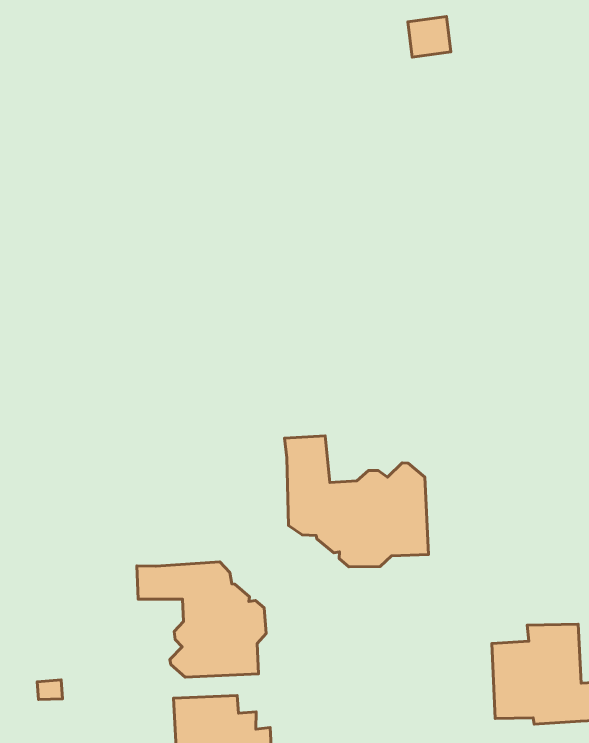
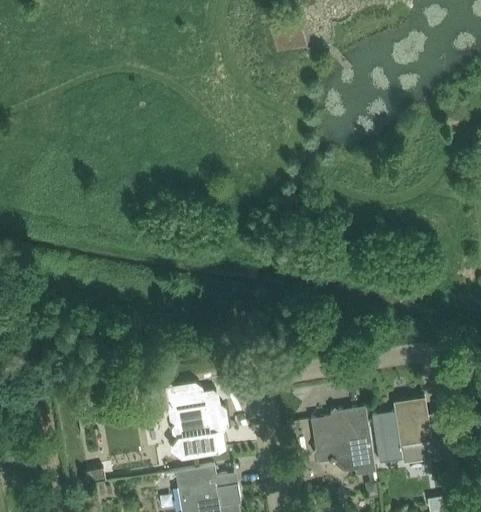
building: [284,436,429,567] -> none
building: none -> [310,406,375,475]

